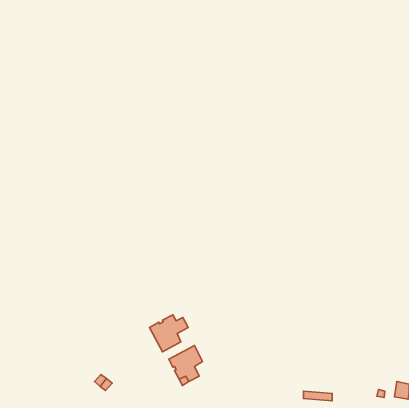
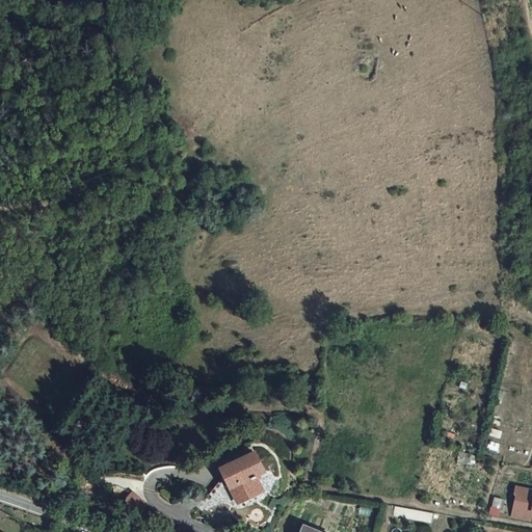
building: [150,315,188,352] -> none

